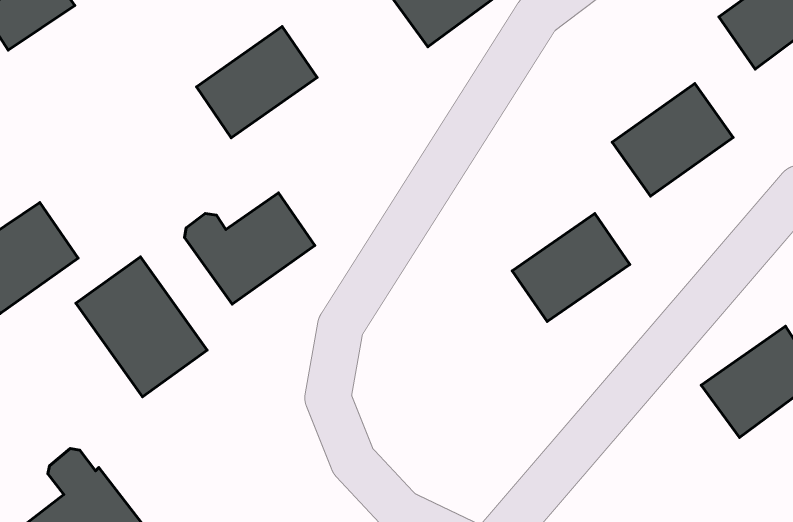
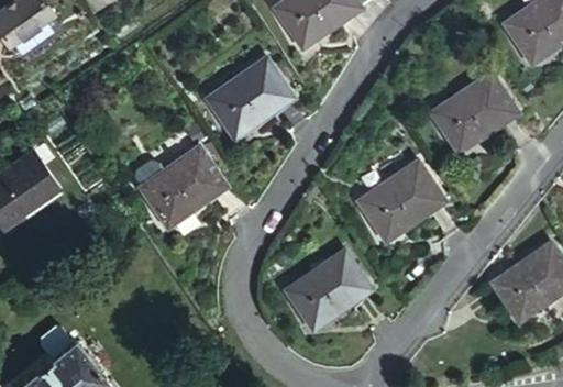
building: [196,27,317,138] -> [211,60,295,137]
building: [76,257,207,397] -> none
building: none -> [287,252,368,328]

